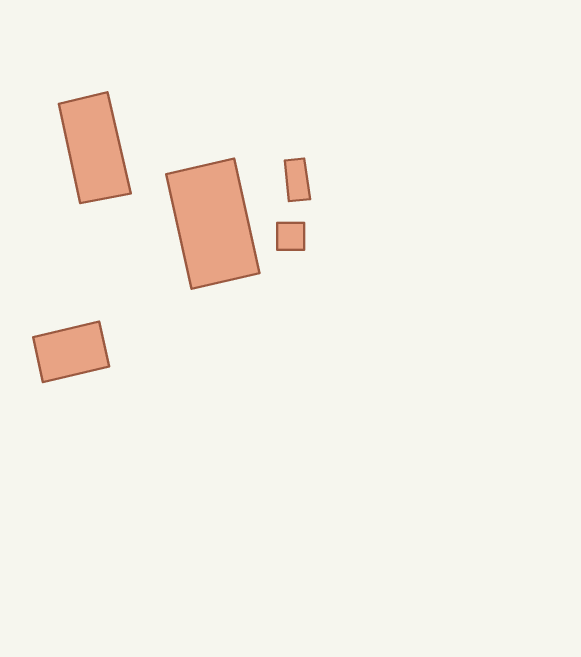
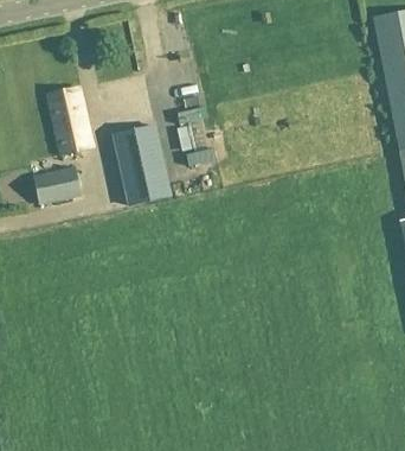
building: [33,322,109,382] -> [32,167,78,204]

